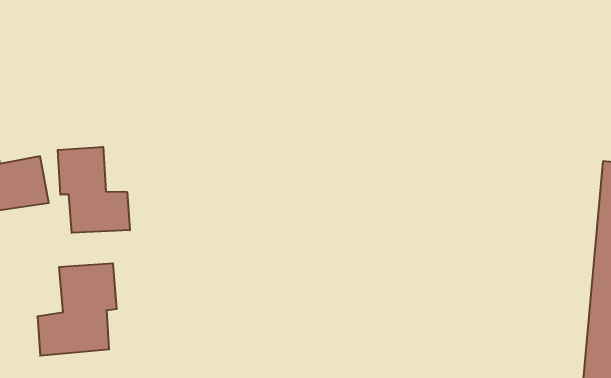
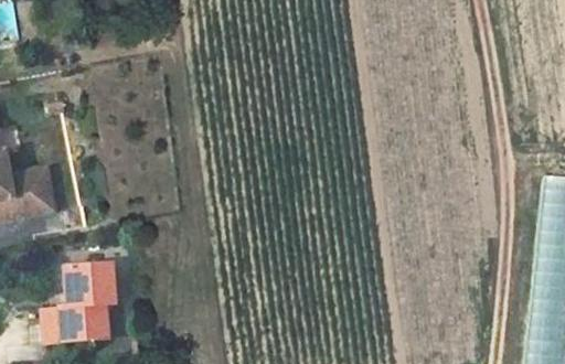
building: [58,147,130,233] -> none

